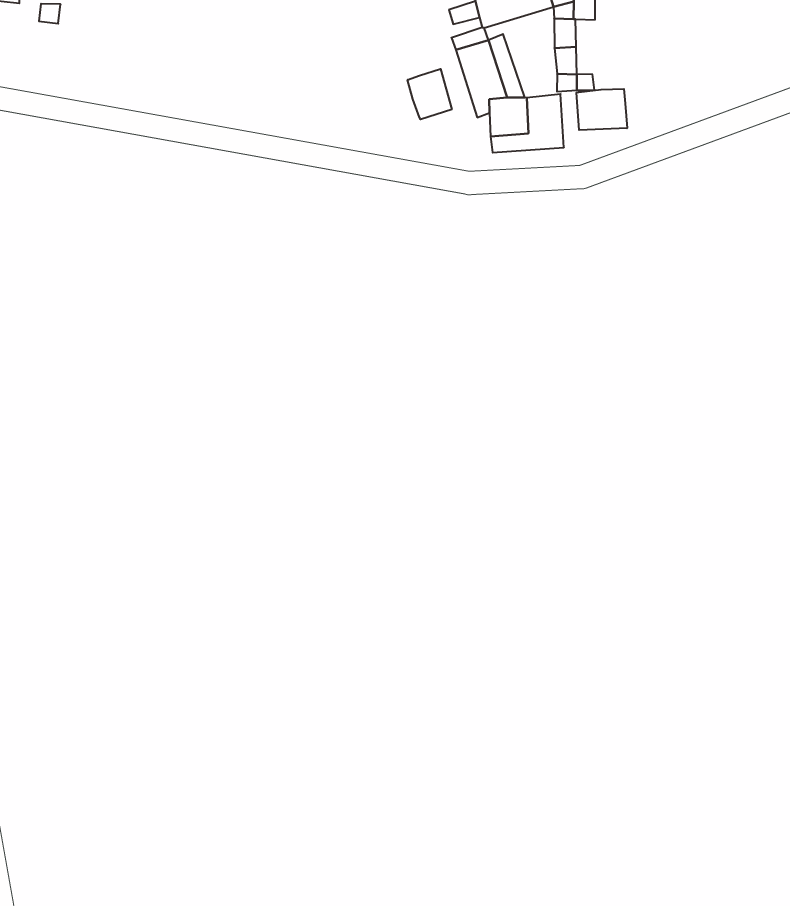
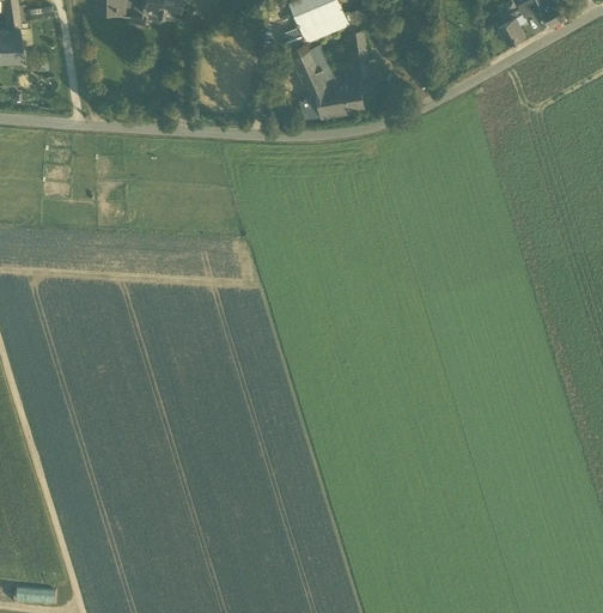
building: [408,69,452,119] -> none
building: [576,89,627,130] -> none

